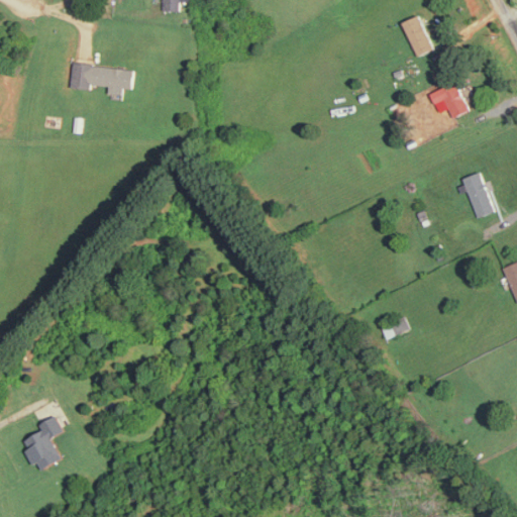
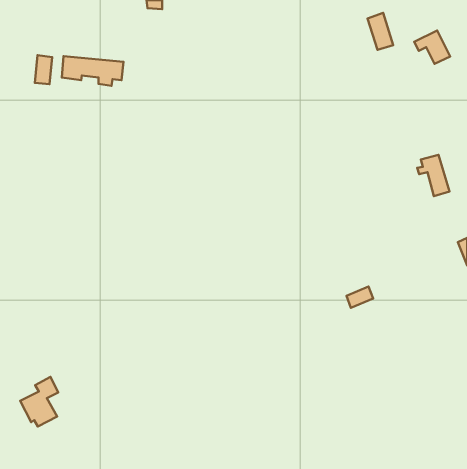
building: none -> [35,55,52,84]
building: [429,82,469,118] -> [414,31,450,64]

